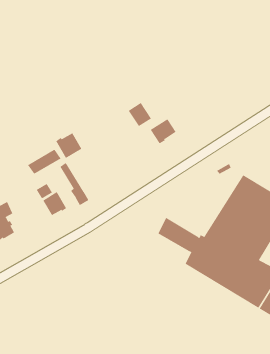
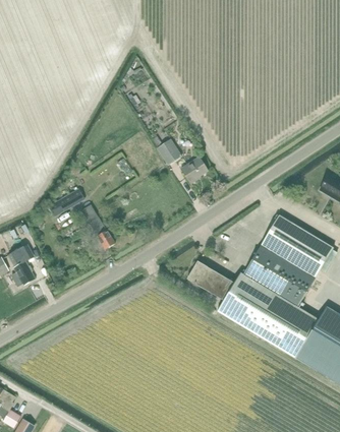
building: [55,132,82,159] -> none
building: [42,191,67,216] -> none

